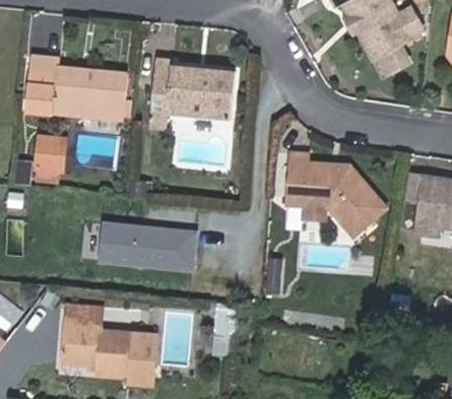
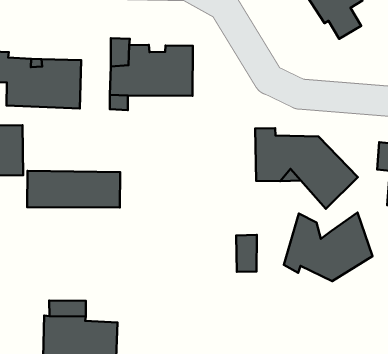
building: [102,224,195,267] -> [27,171,120,208]
building: none -> [284,213,372,281]

